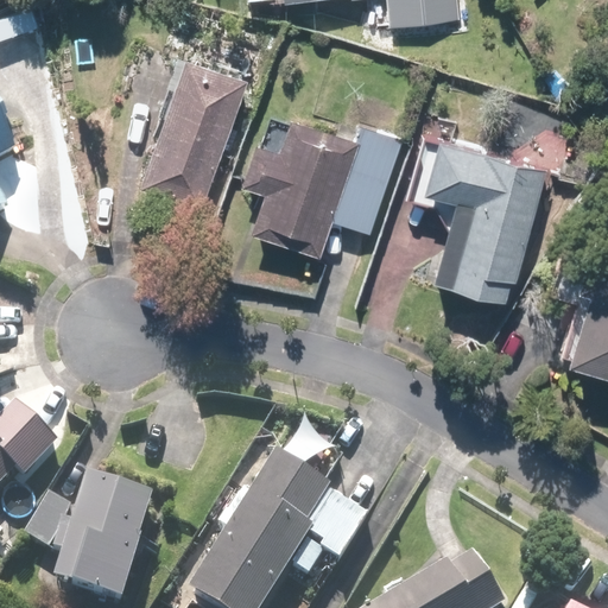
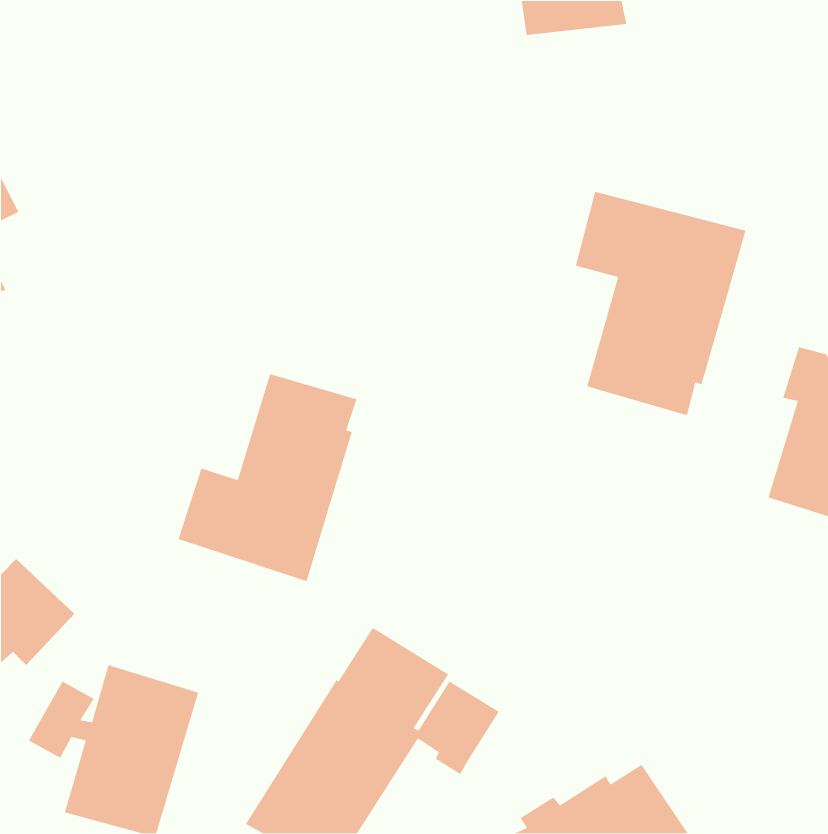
building: [139,58,247,208] -> none
building: [239,118,403,259] -> none
building: none -> [177,373,358,582]

